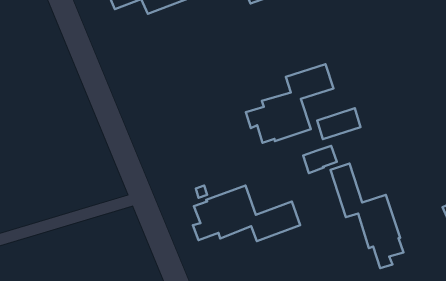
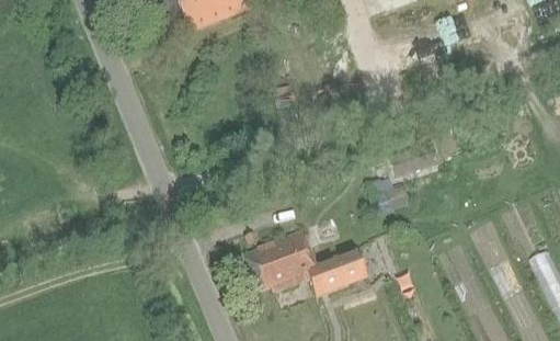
building: [246,64,333,143] -> none
building: [331,163,403,268] -> none

